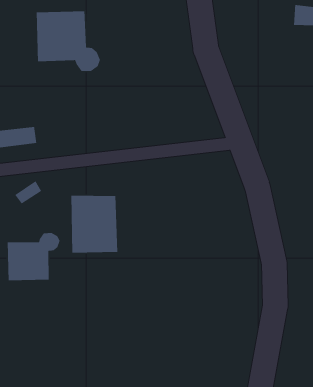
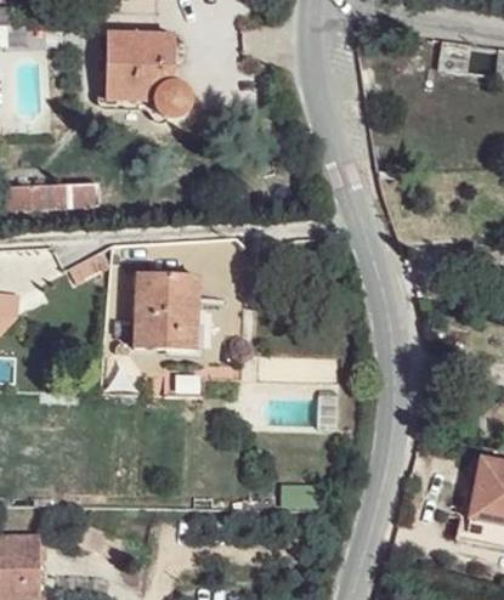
building: [7,232,60,281] -> none

